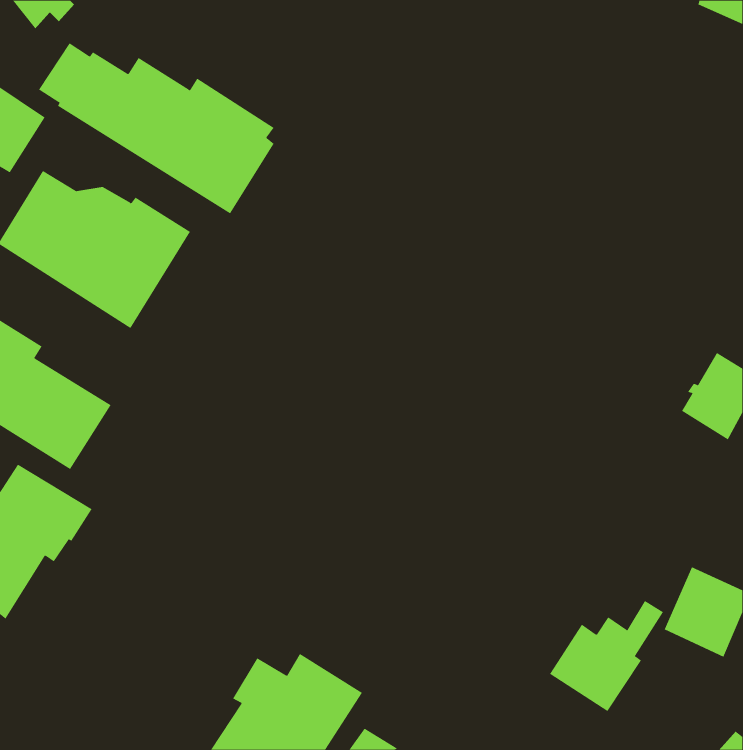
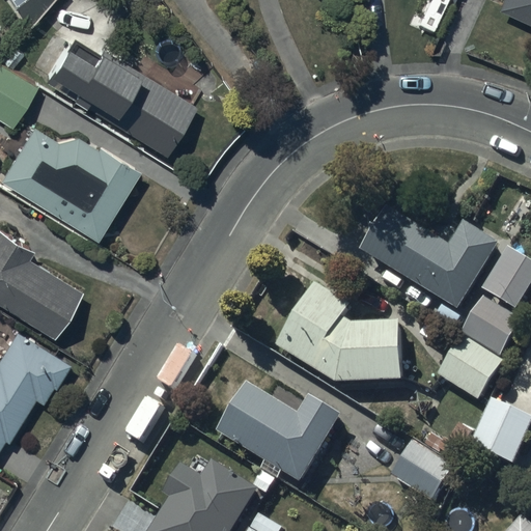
building: none -> [360,208,500,310]
building: none -> [277,284,403,385]
building: none -> [432,298,521,402]
building: none -> [217,384,341,483]

